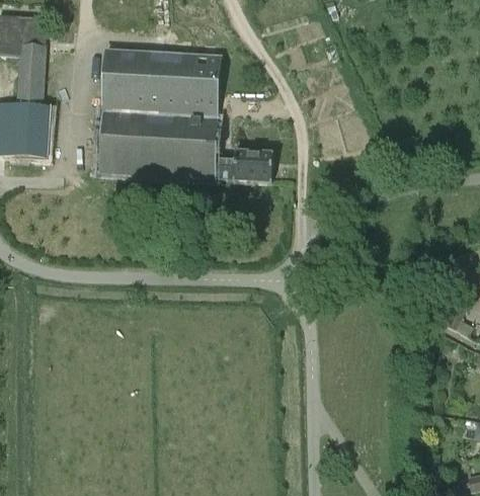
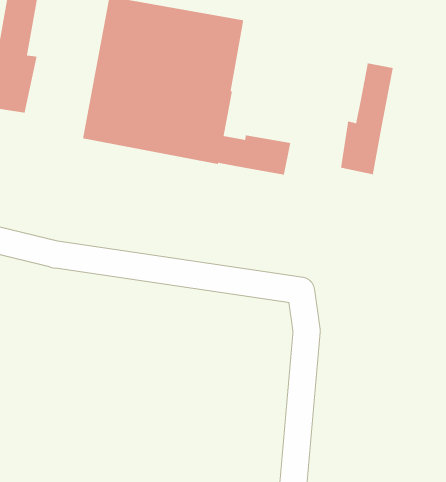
building: none -> [340,62,394,175]

